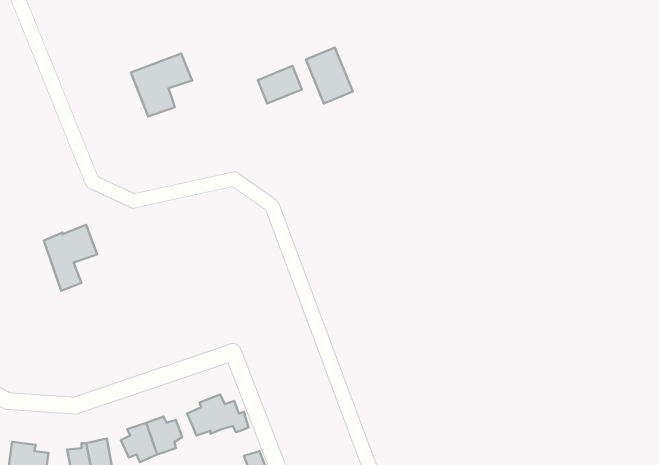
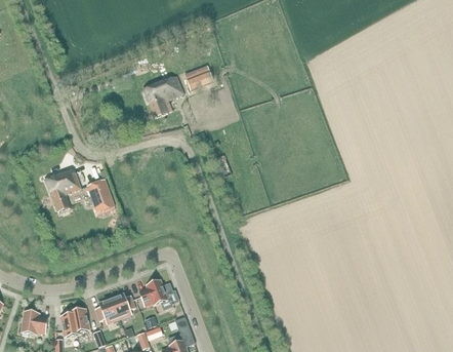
building: [306,47,353,104] -> none
building: [131,54,192,117] -> [142,76,182,117]
building: none -> [86,179,114,212]

